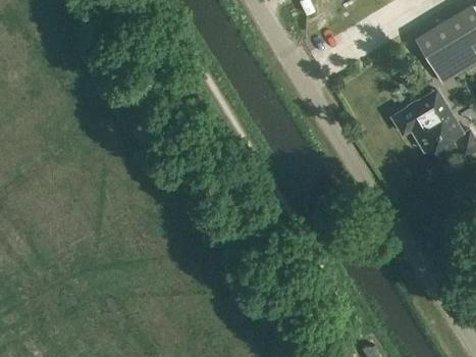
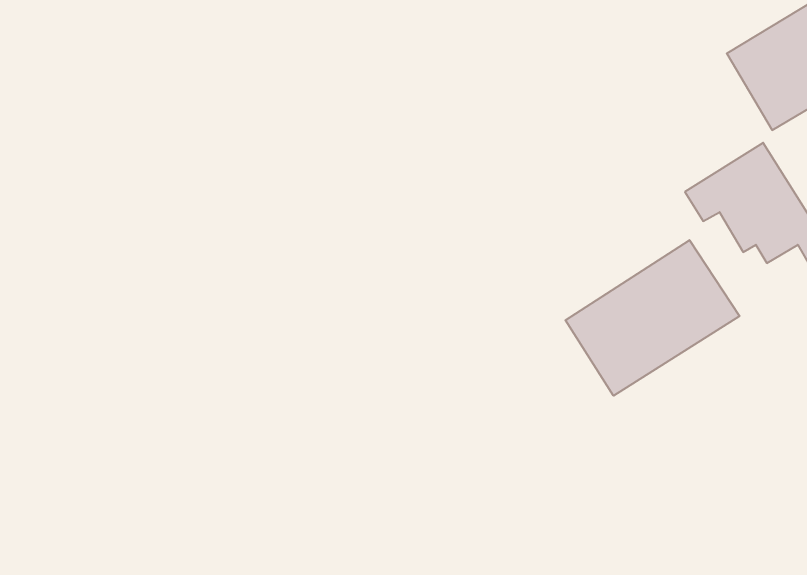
building: none -> [565,240,739,396]

